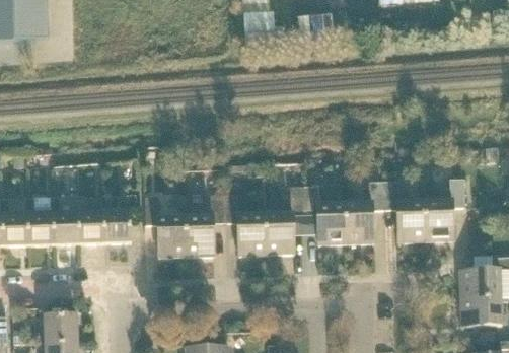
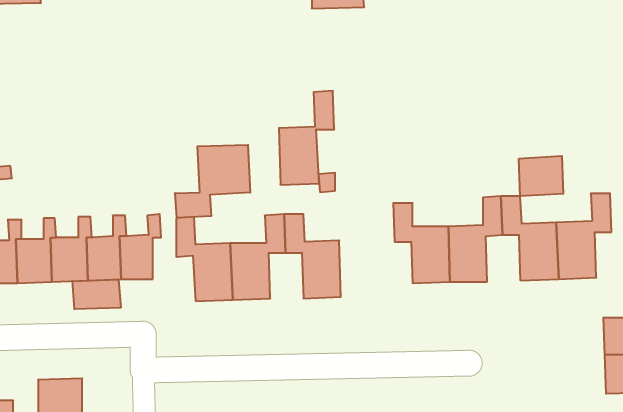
building: none -> [175,145,250,218]
building: none -> [519,156,563,196]
building: [265,185,305,254] -> [279,91,334,185]
building: none -> [72,280,121,309]

